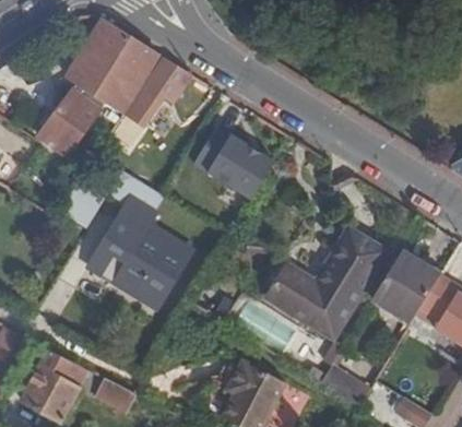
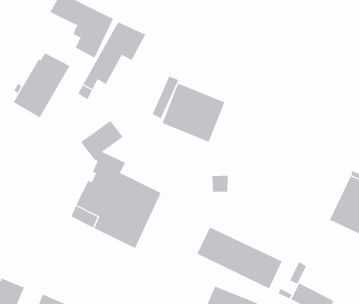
building: [64,39,132,111] -> none
building: [268,230,383,336] -> none

